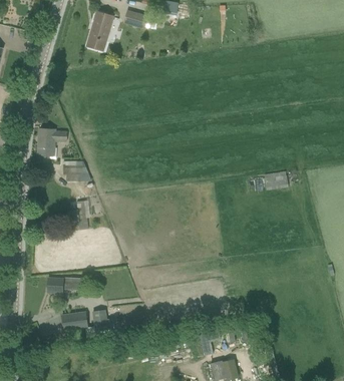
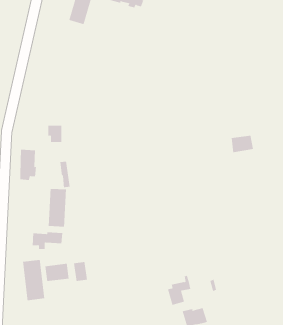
building: [37,128,56,162] -> [19,149,37,180]
building: none -> [48,188,67,227]
building: none -> [22,259,45,301]

